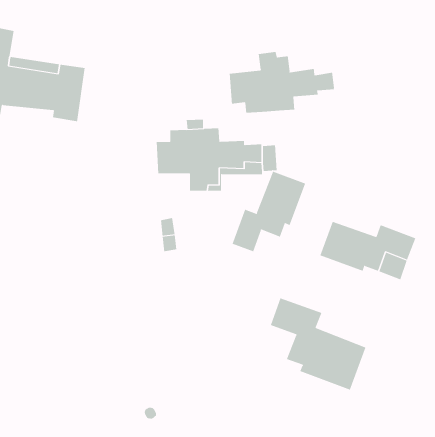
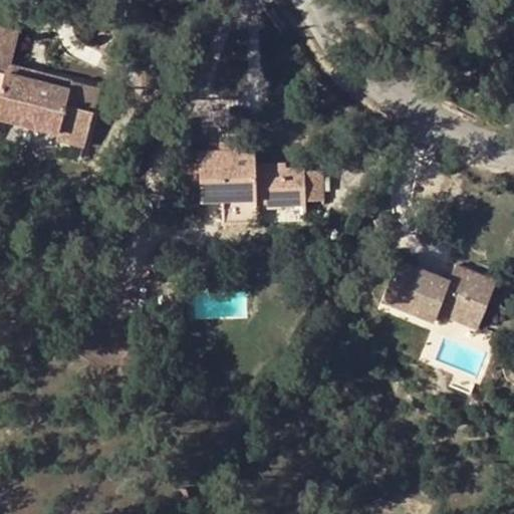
building: [229,51,335,114] -> none
building: [232,171,306,252] -> none
building: [270,297,366,390] -> none

